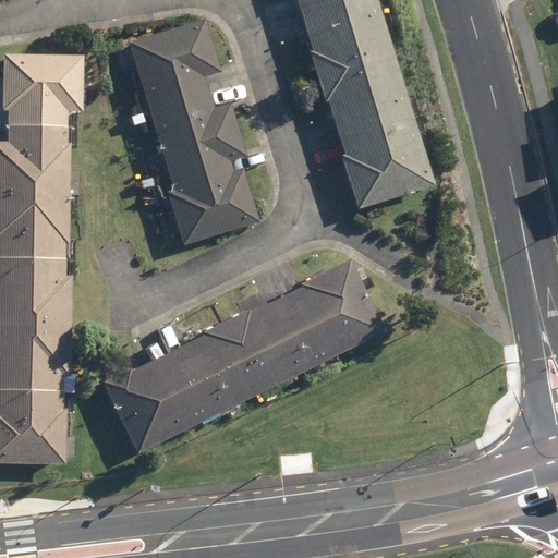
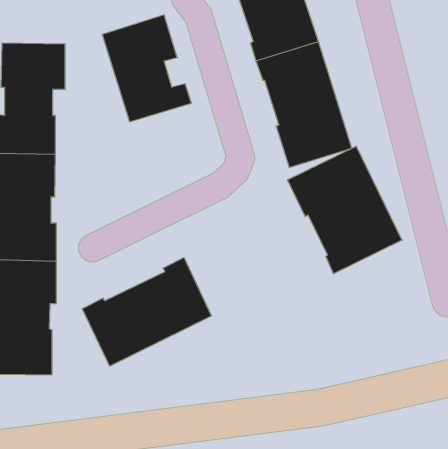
building: [160,128,257,244] -> none
building: none -> [288,146,402,274]
building: [228,259,385,390] -> none

